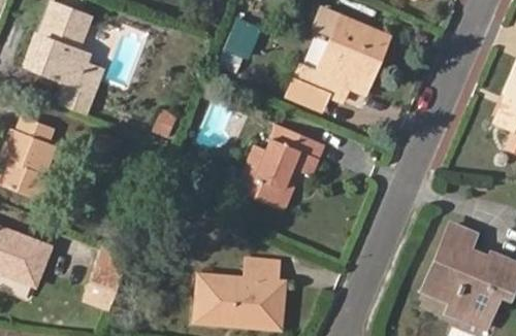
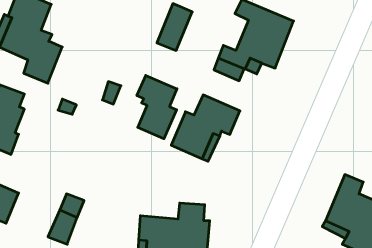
building: none -> [137,75,177,139]

